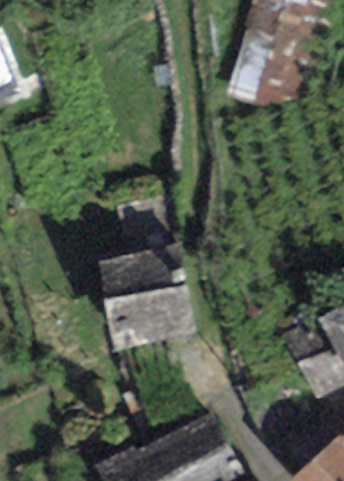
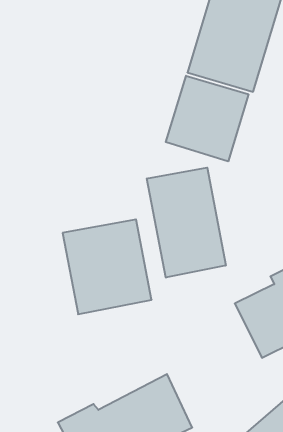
building: none -> [166,76,248,161]
building: none -> [147,168,226,278]

